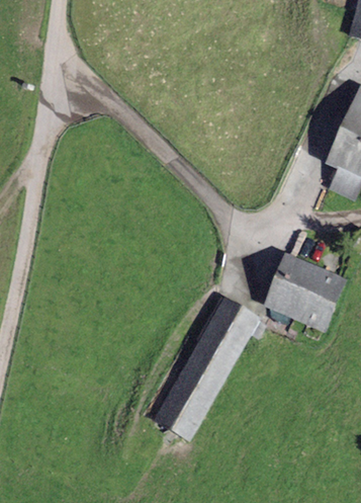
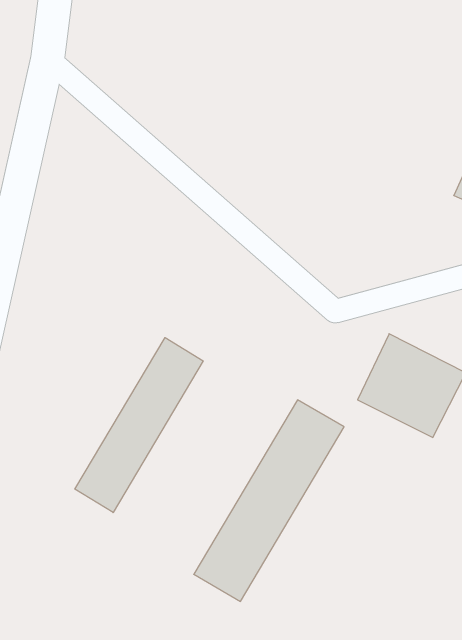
building: none -> [75,338,203,513]

